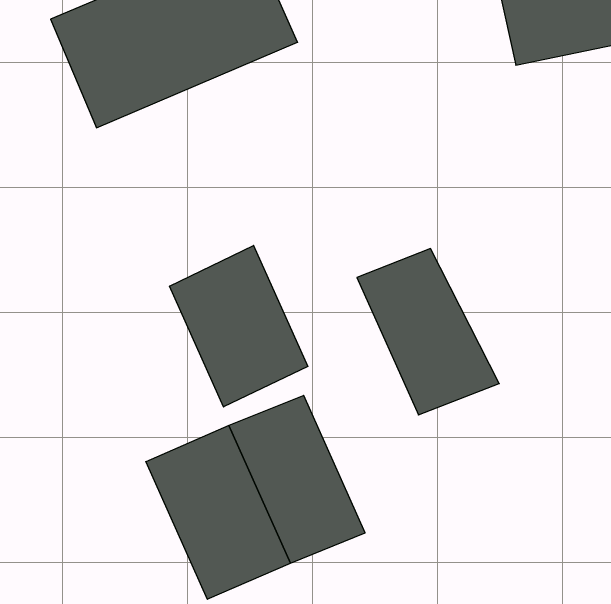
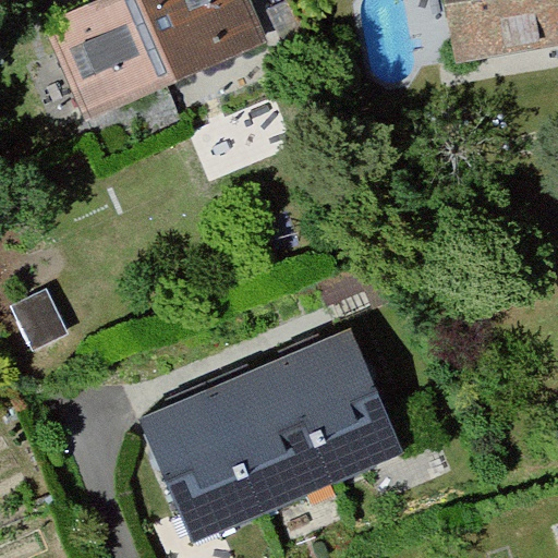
building: [170,245,308,407] -> none
building: [357,249,499,415] -> [279,331,408,482]

